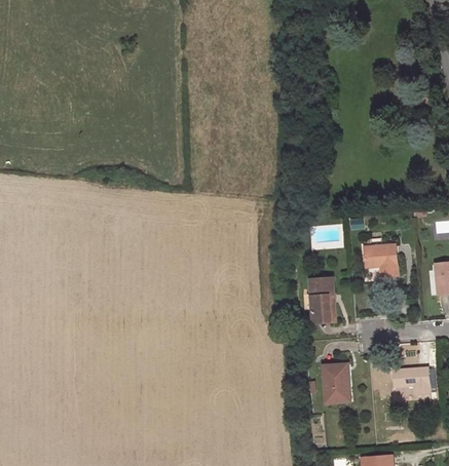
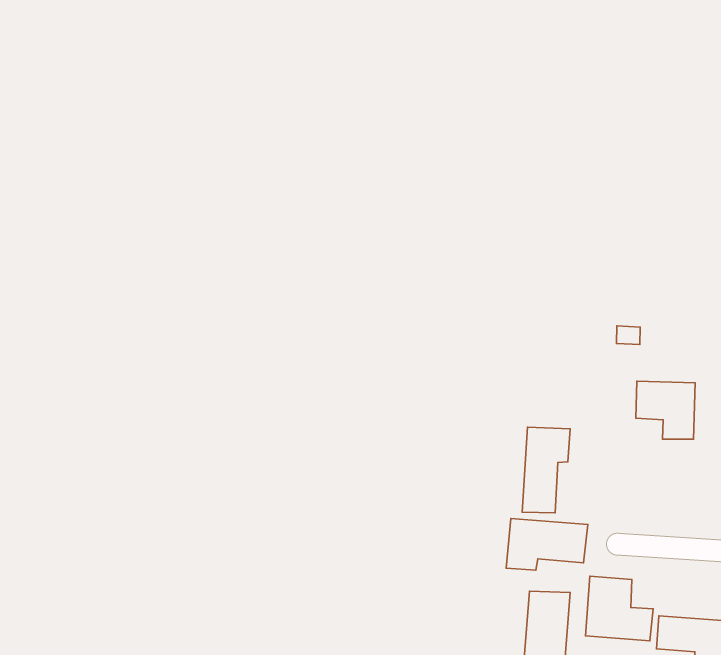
building: none -> [506,518,588,570]
building: none -> [585,576,653,641]

